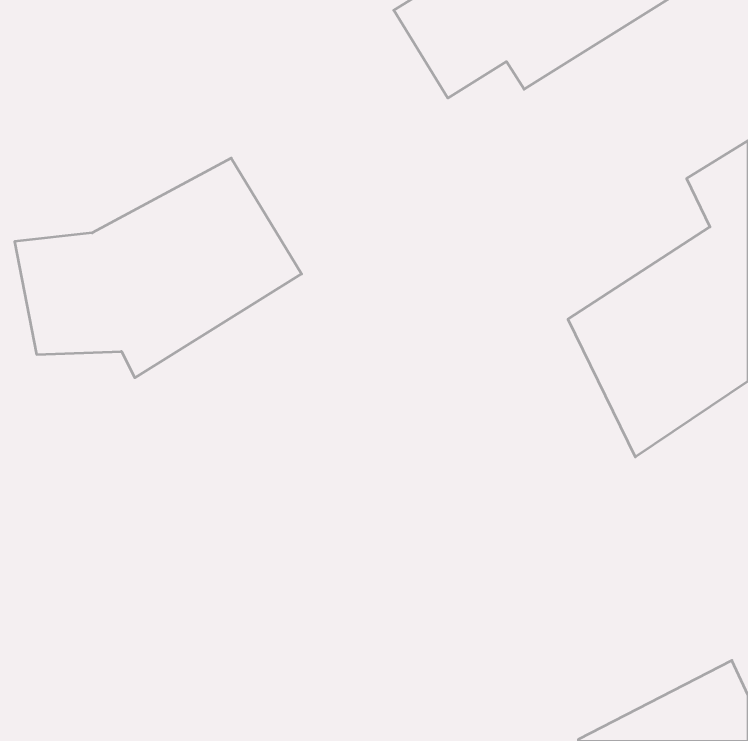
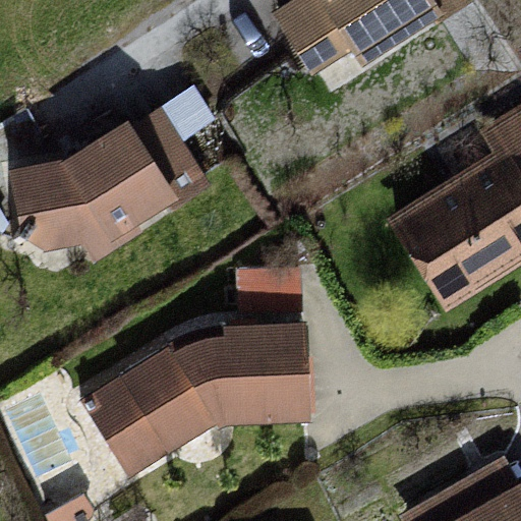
building: none -> [85,321,310,468]

